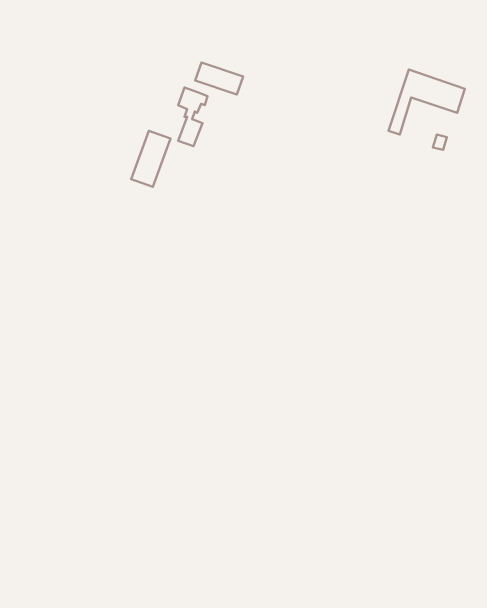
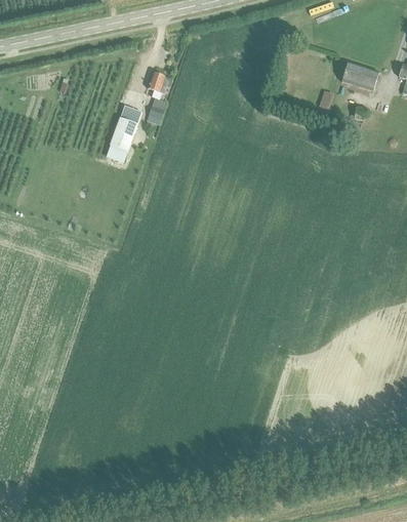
building: [195,62,243,95] -> none

